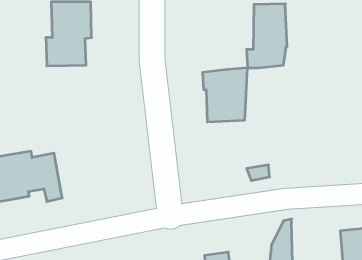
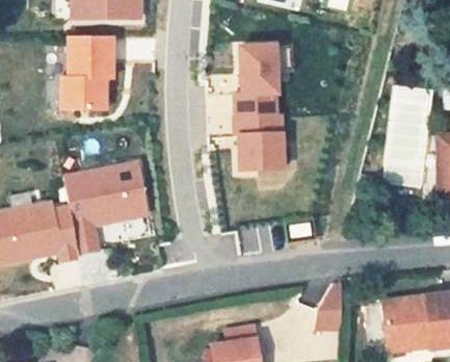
building: [247,4,287,68] -> [224,44,270,117]
building: none -> [63,163,147,255]

